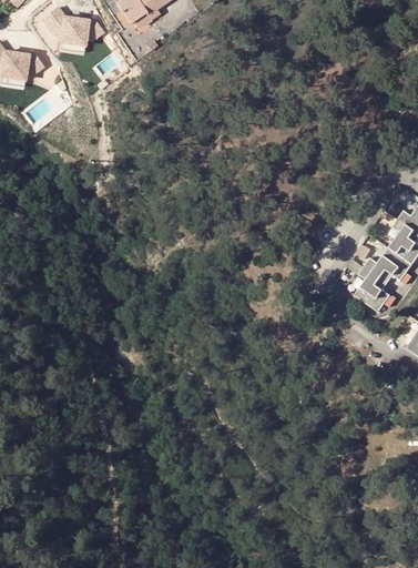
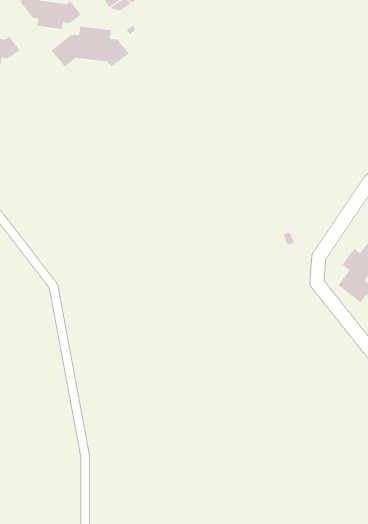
building: none -> [50,26,130,68]

